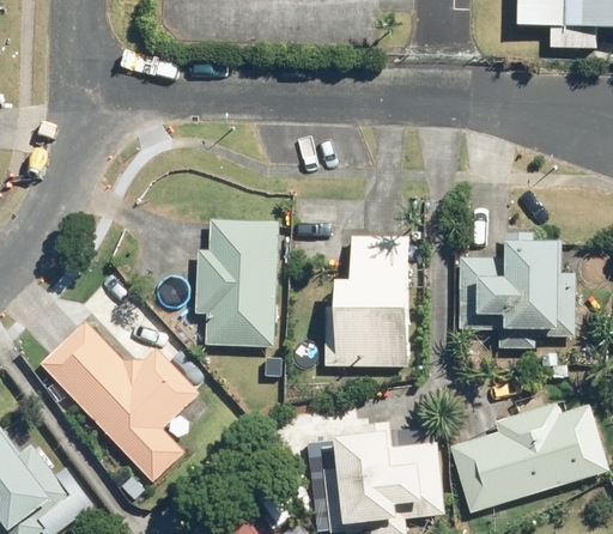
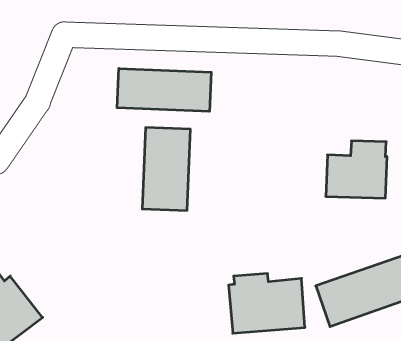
building: none -> [117,68,211,111]
building: [340,242,403,362] -> none
building: [43,324,195,479] -> none

